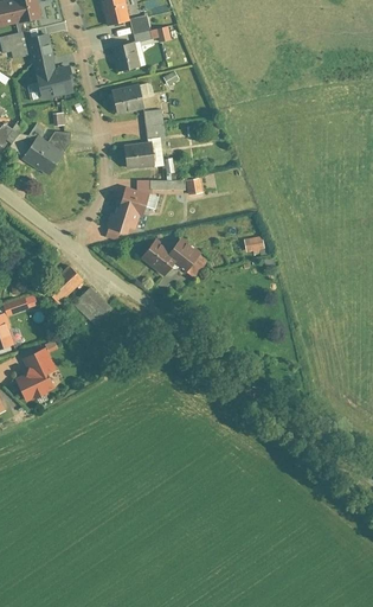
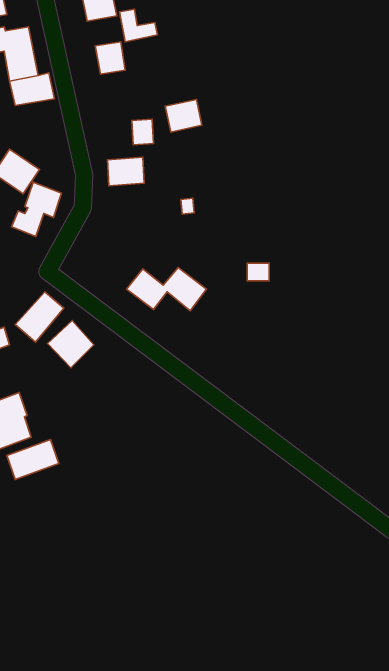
building: [112,83,144,111] -> [165,99,202,132]
building: [108,184,152,231] -> [11,182,62,237]
building: none -> [7,439,59,480]

